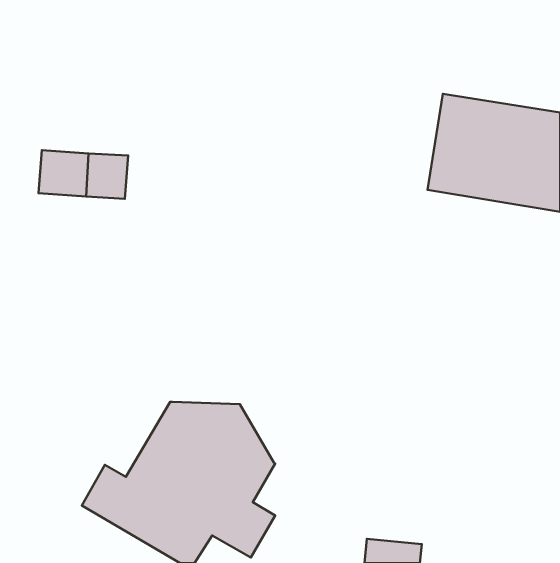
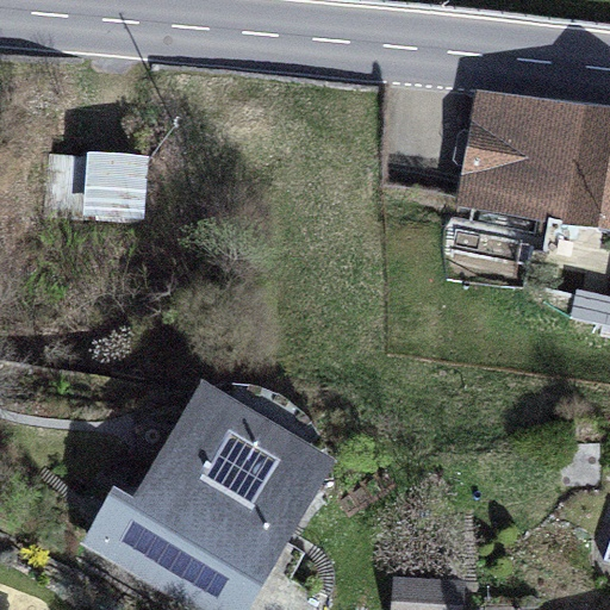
building: none -> [186,388,328,499]

